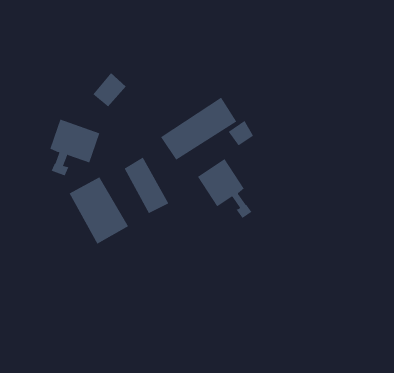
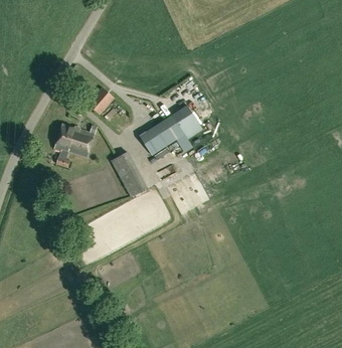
building: [197,158,252,219] -> none
building: [69,176,129,245] -> none

